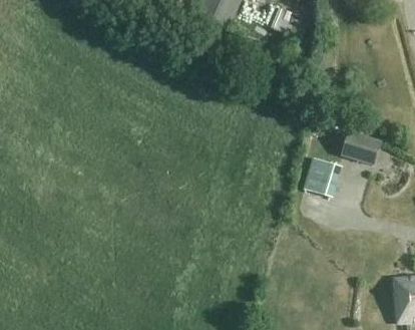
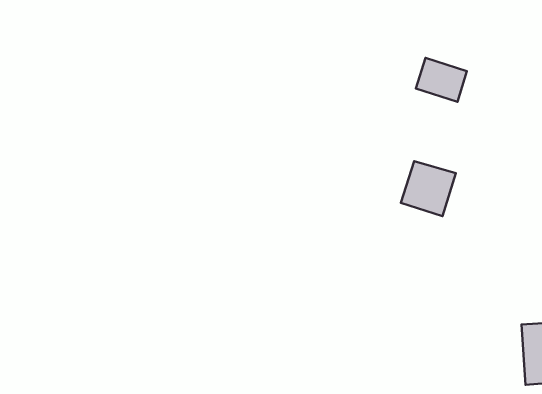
building: [342,130,380,163] -> [416,58,467,102]

